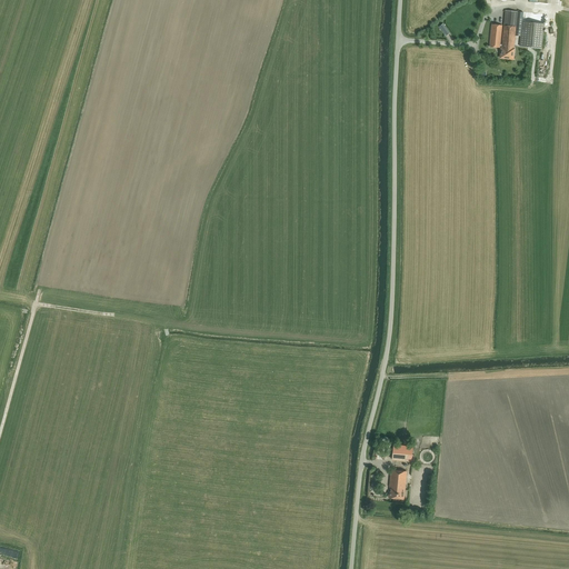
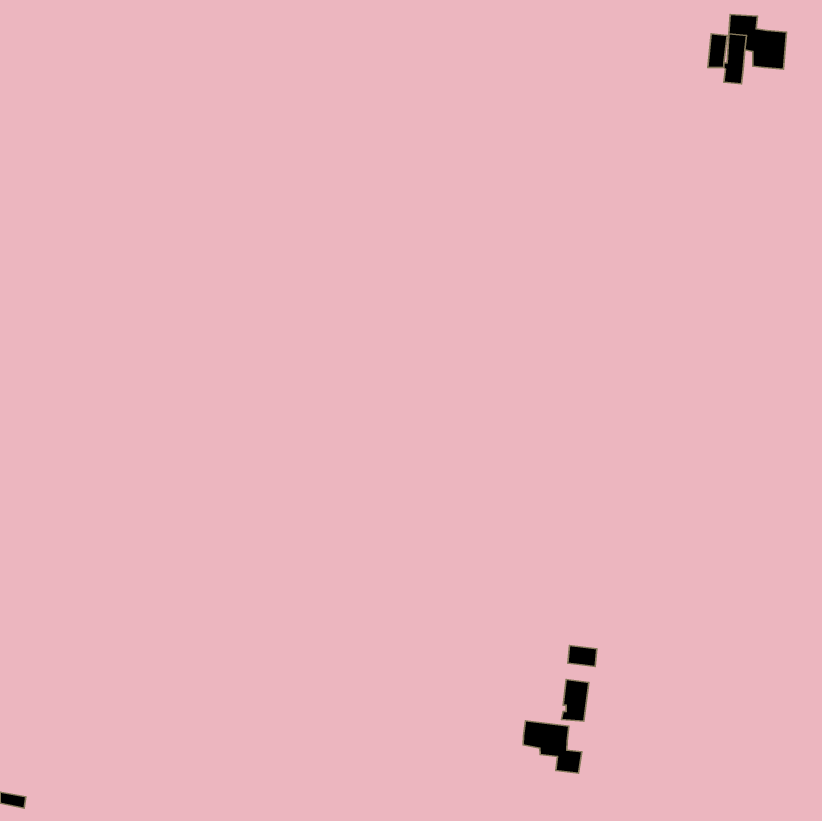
building: none -> [523,721,582,773]

